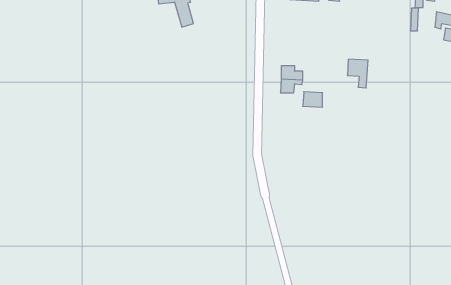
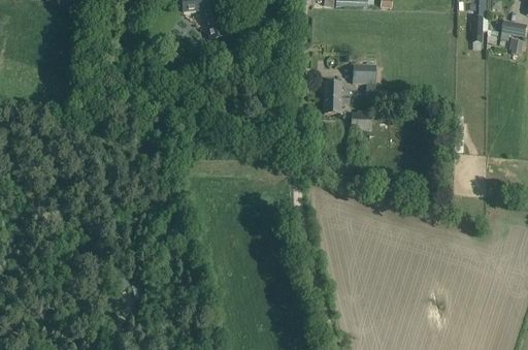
building: [347,59,368,88] -> [353,63,376,96]

